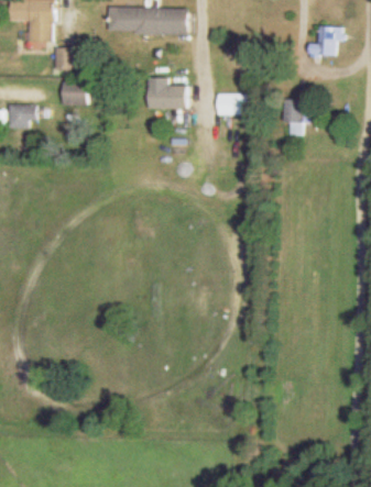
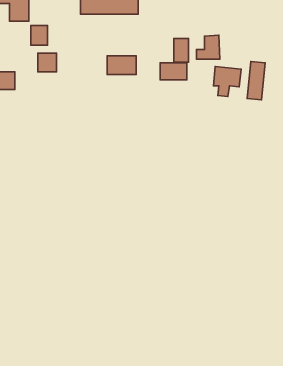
building: [307,25,336,55] -> [197,35,220,59]
building: none -> [174,38,189,62]
building: none -> [247,62,265,100]

